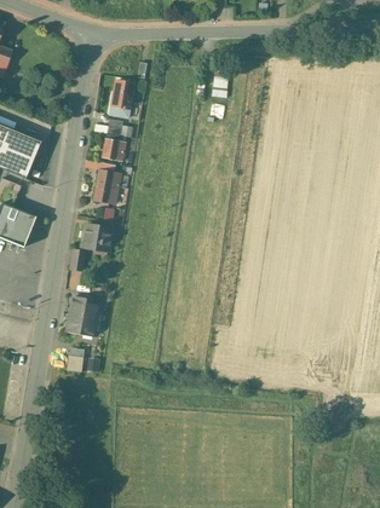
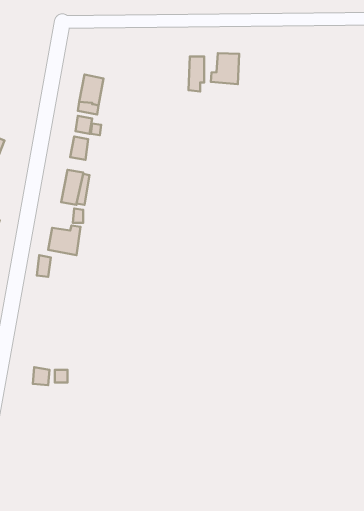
building: none -> [211,53,239,84]
building: [65,296,98,335] -> none

